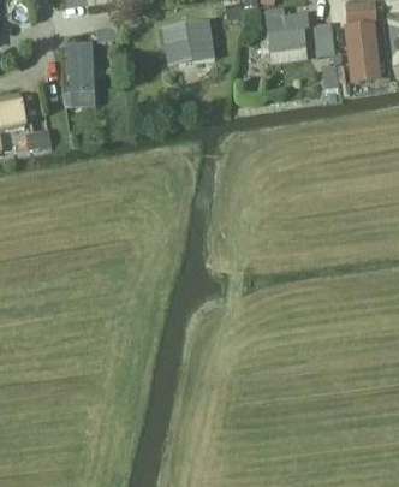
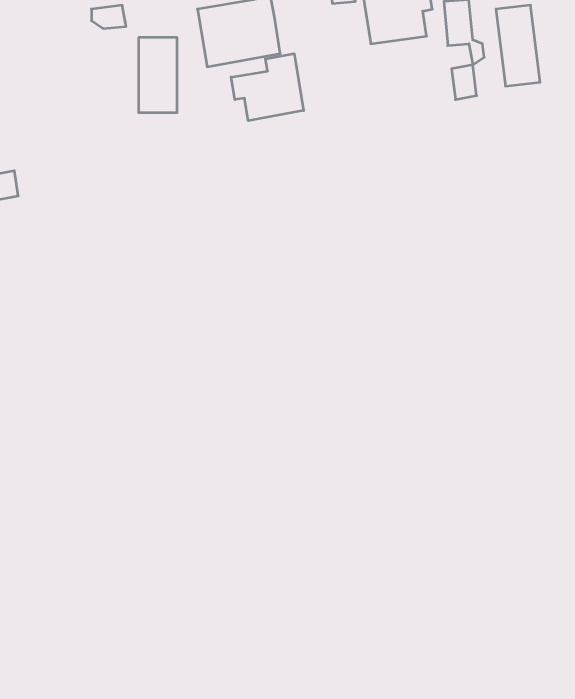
building: [70,46,94,93] -> [139,38,177,113]
building: none -> [231,54,304,121]

